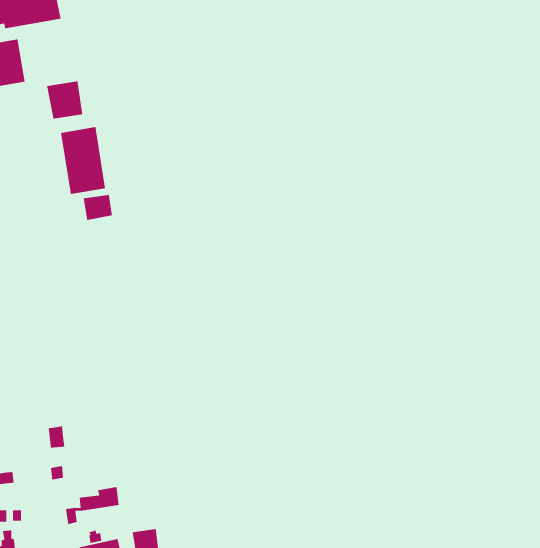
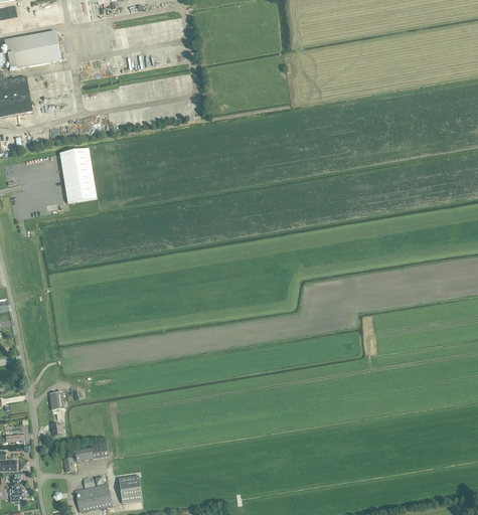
building: [47,81,83,119] -> none
building: [83,194,112,221] -> none

